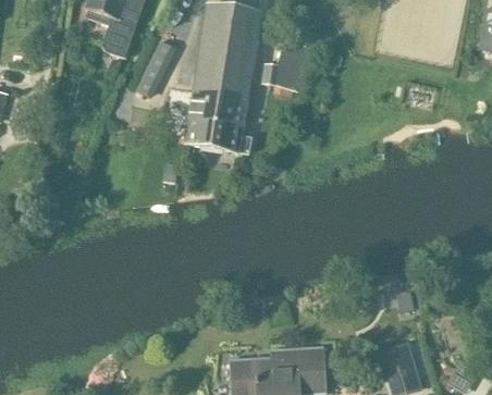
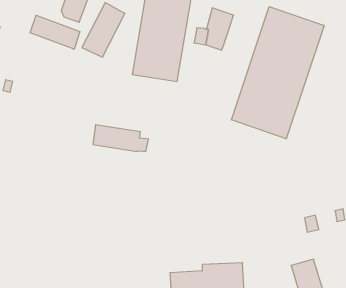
building: none -> [231,7,324,139]
building: none -> [30,15,80,49]
building: [184,120,251,152] -> [93,125,149,152]

